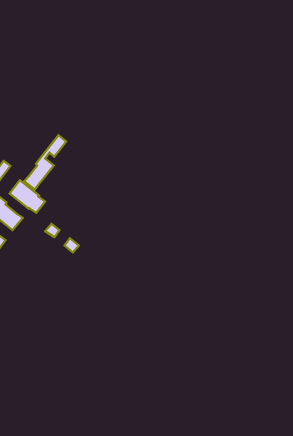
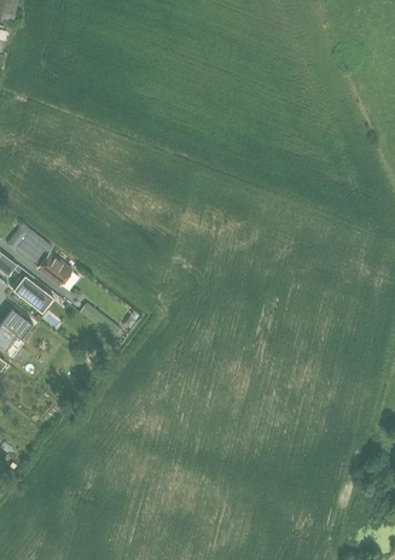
building: [24,135,66,189] -> none

